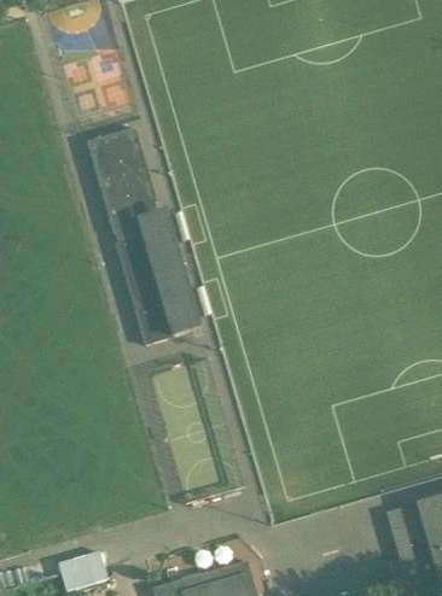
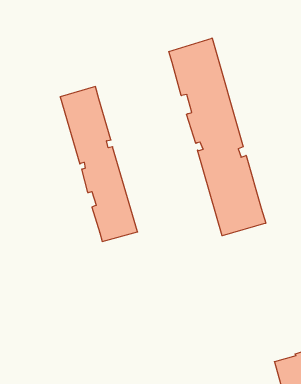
building: none -> [169,38,266,236]

